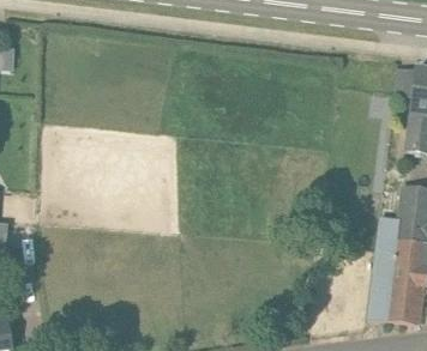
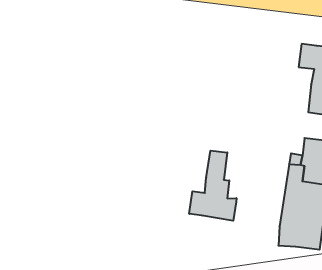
building: none -> [189,151,236,221]

